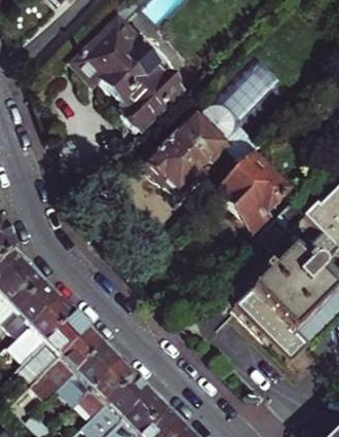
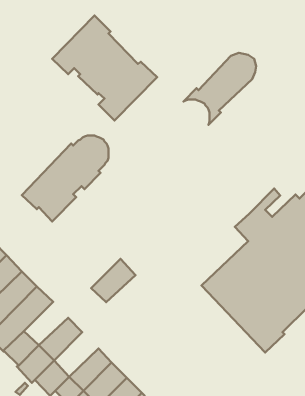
building: [145,104,233,191] -> [22,135,109,221]
building: [206,155,282,241] -> none
building: [44,309,89,354] -> [91,259,136,302]
building: [75,340,120,386] -> none

